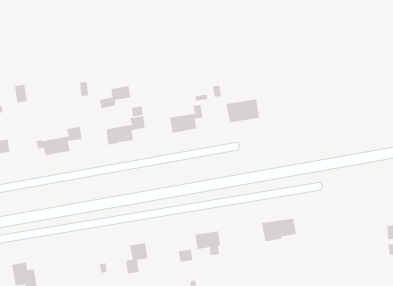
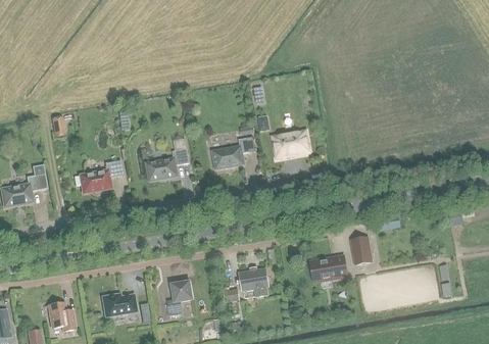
building: [99,85,131,109] -> none
building: none -> [351,237,372,264]
building: none -> [102,293,137,317]

